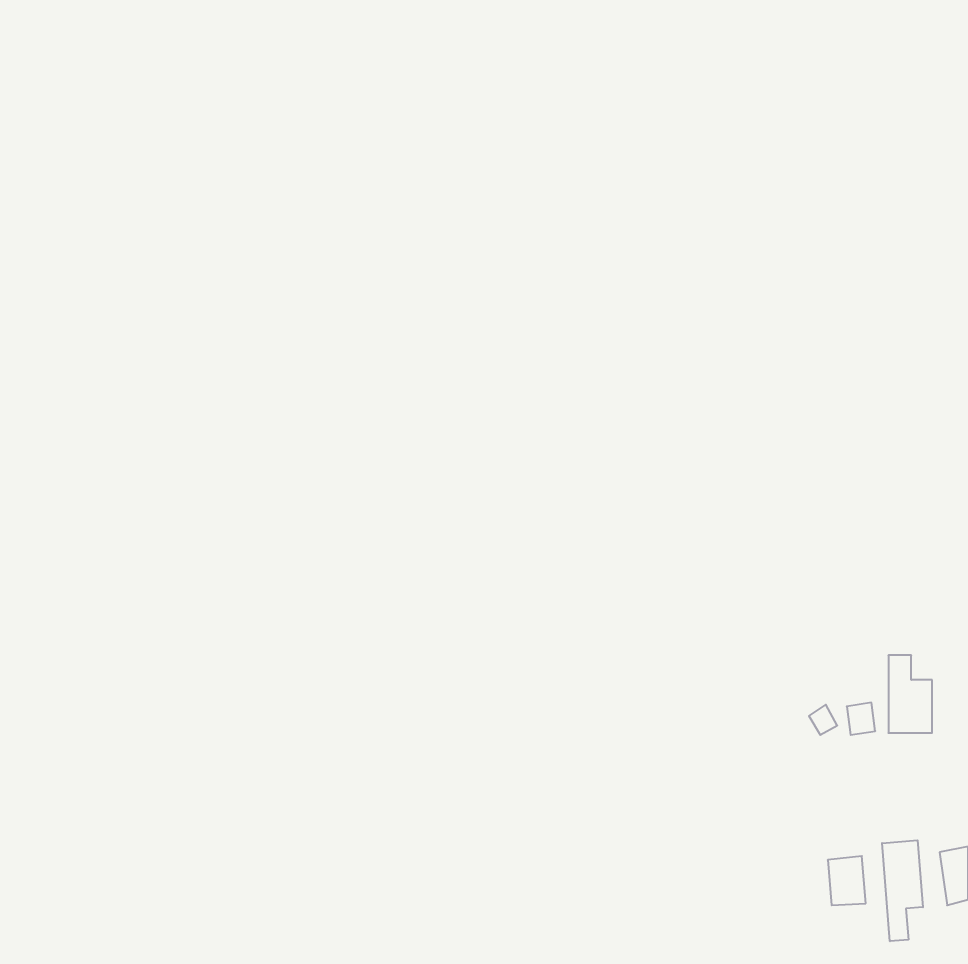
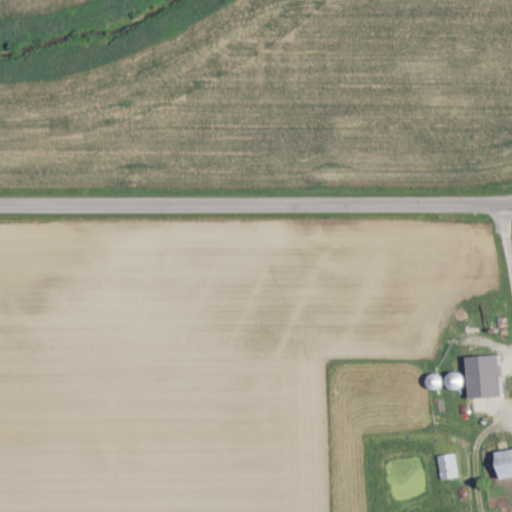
building: [882,840,923,941] -> none

